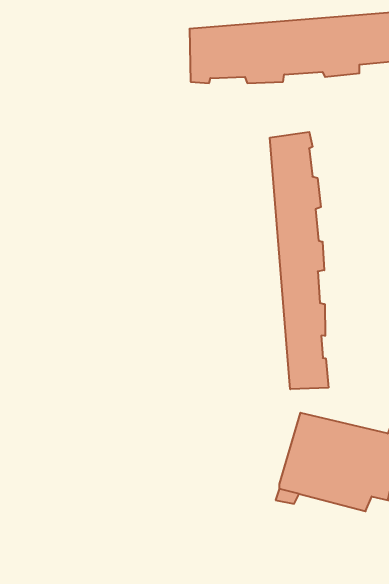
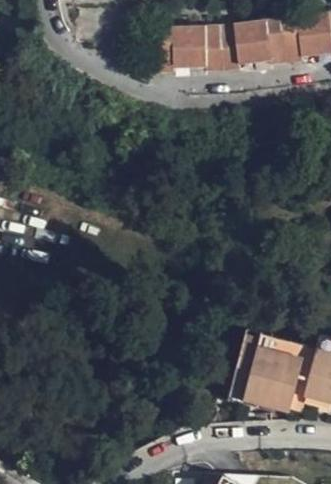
building: [270,132,328,389] -> none

